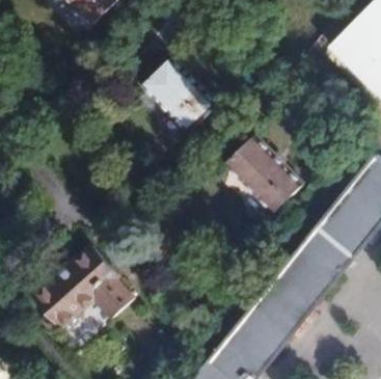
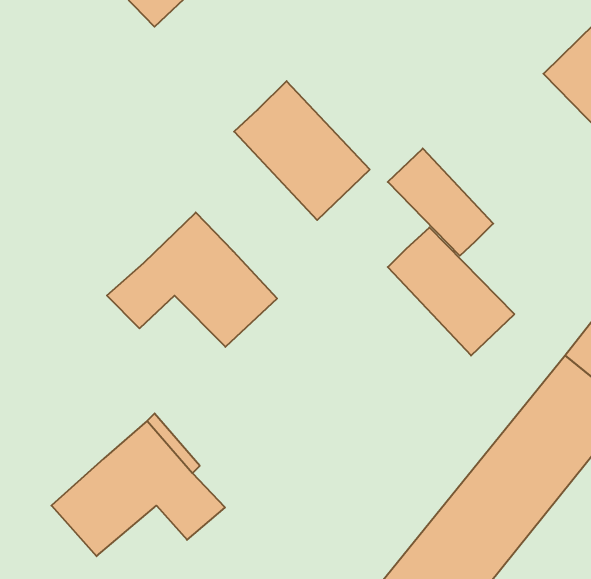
building: none -> [388,148,493,256]
building: none -> [107,212,277,347]

